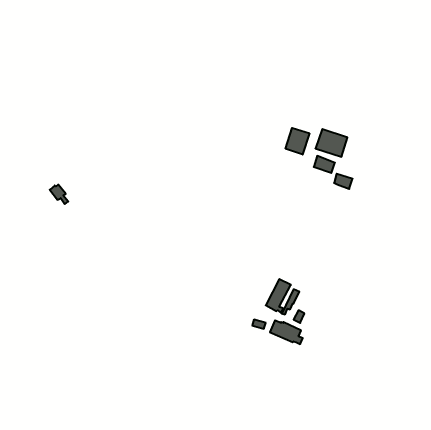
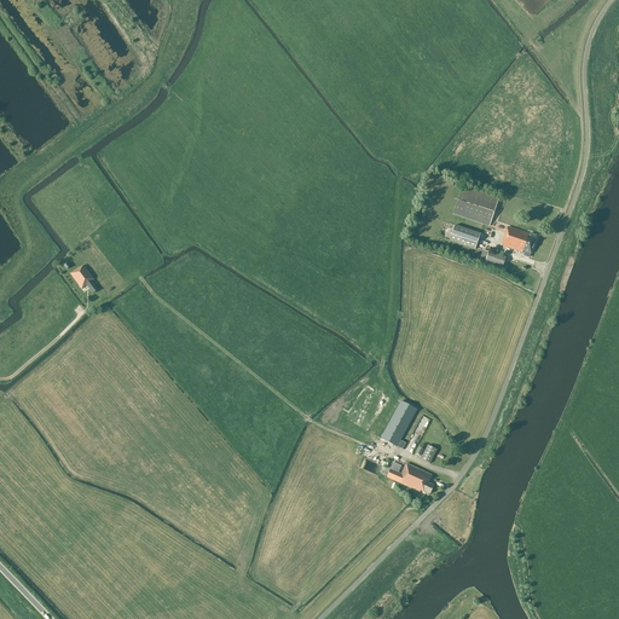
building: [286,128,309,155] -> none
building: none -> [502,226,536,253]

